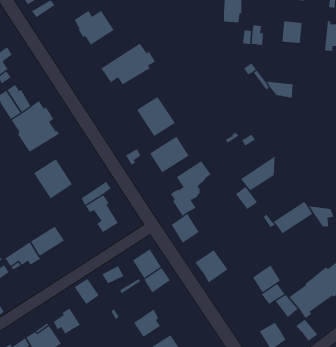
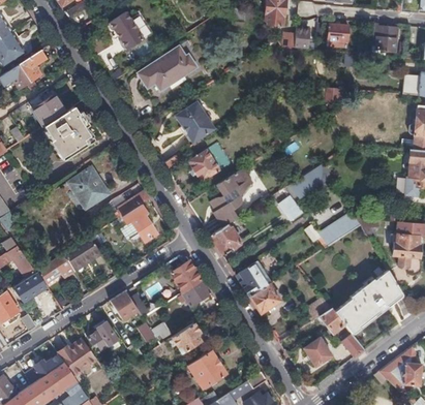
building: [252,265,281,293] -> [250,283,280,313]

